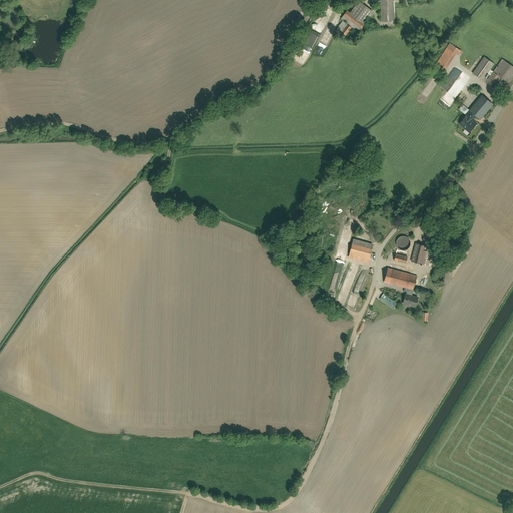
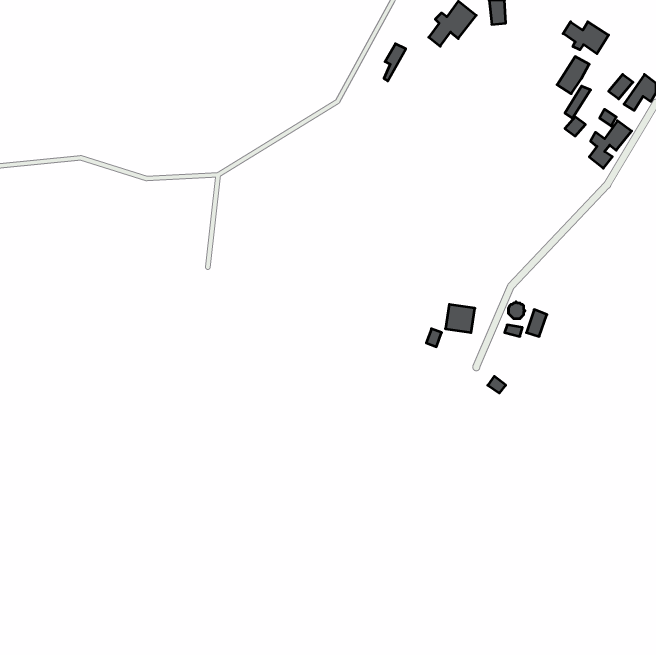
building: none -> [563,22,609,54]
building: [384,268,416,289] -> none

